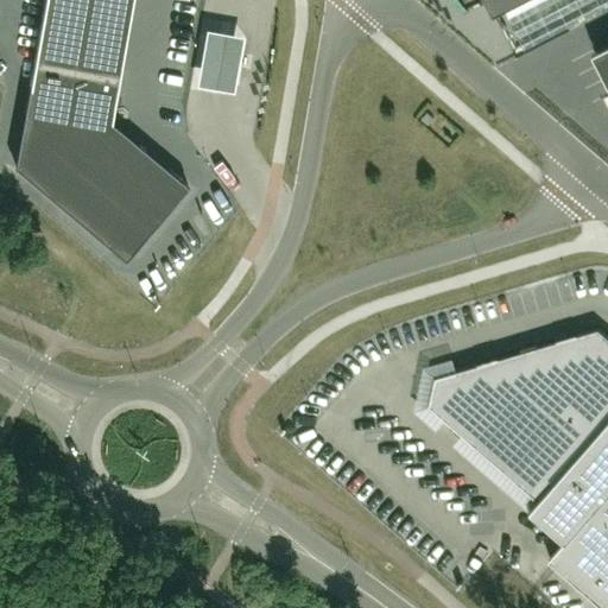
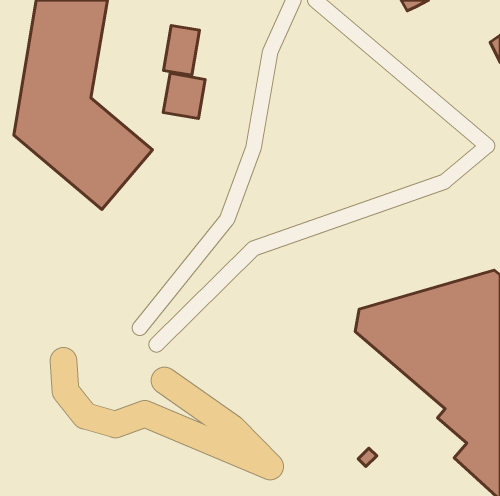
building: none -> [163,73,205,119]

